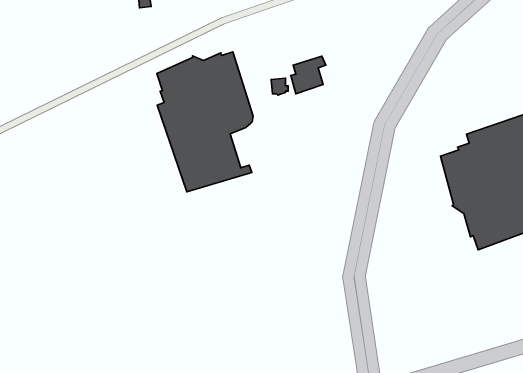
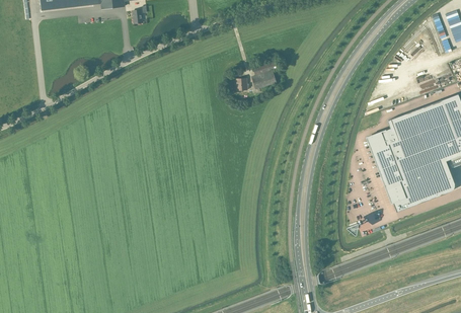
building: [157,52,253,192] -> none

